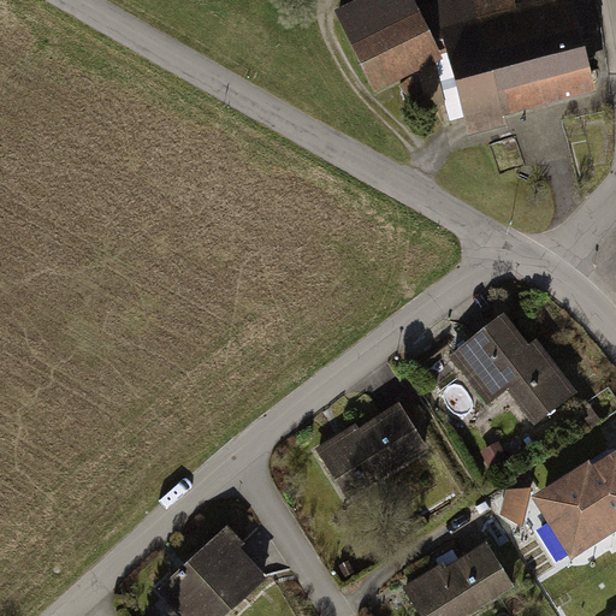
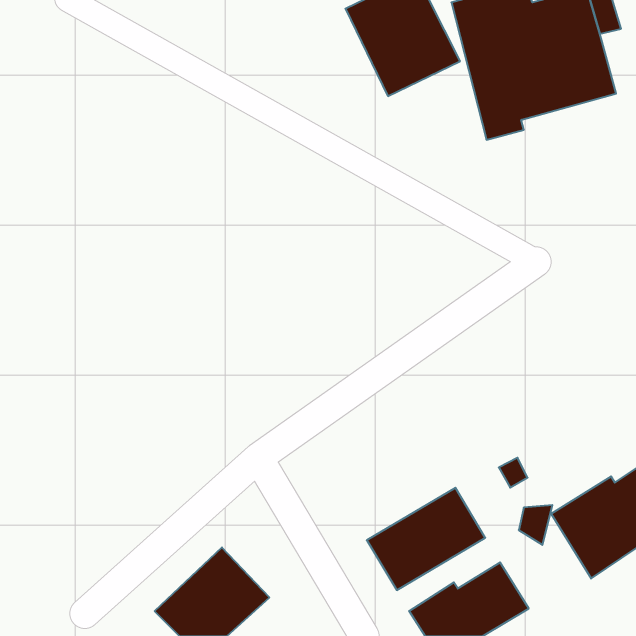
building: [451,314,578,424] -> none
building: [314,398,428,497] -> [367,488,485,590]

